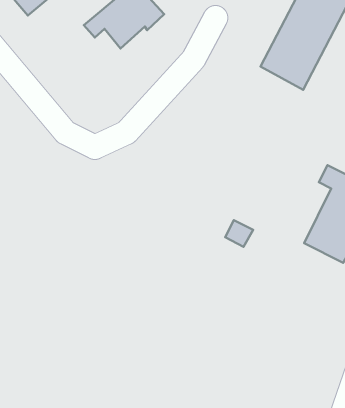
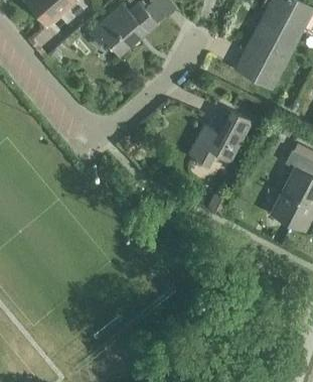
building: none -> [188,109,252,166]

